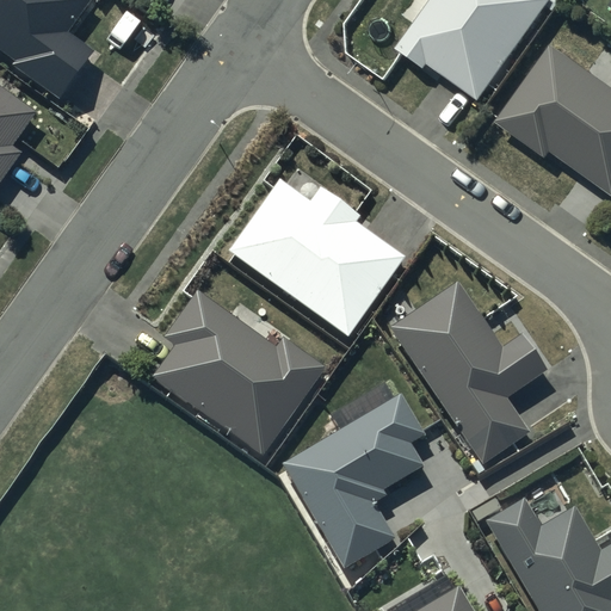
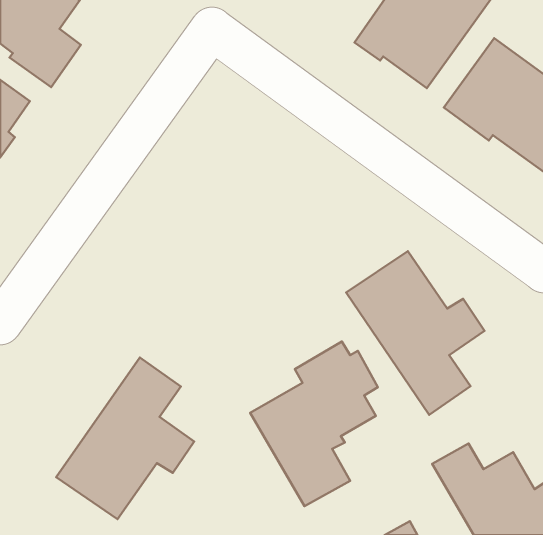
building: [228,180,403,337] -> none
building: [152,291,323,455] -> none
building: none -> [56,357,194,519]

